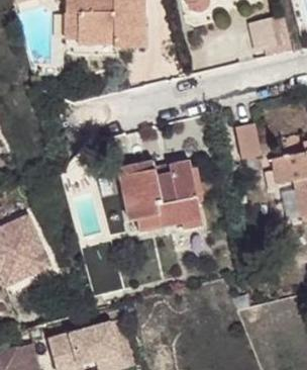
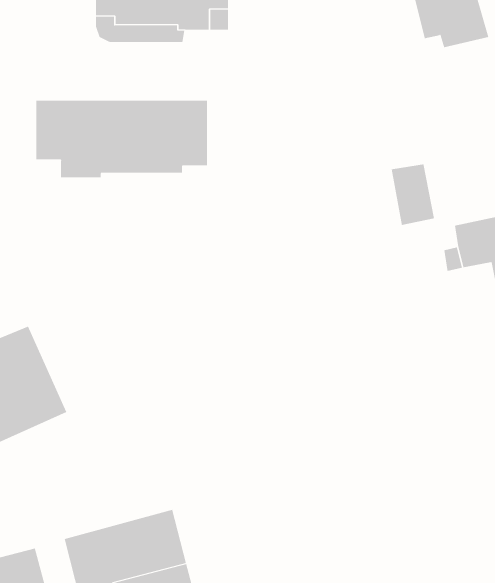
building: none -> [36,100,207,178]
building: [126,160,201,230] -> none

